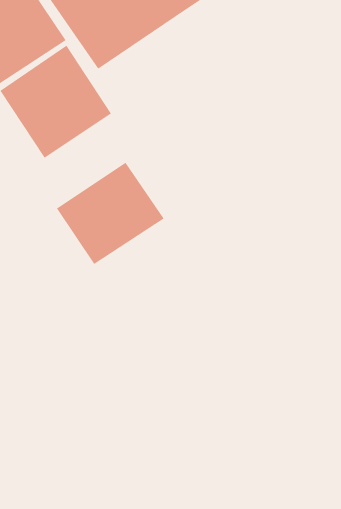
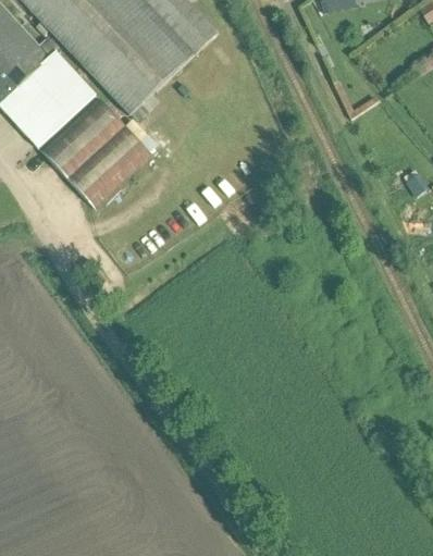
building: [56,162,164,265] -> none

